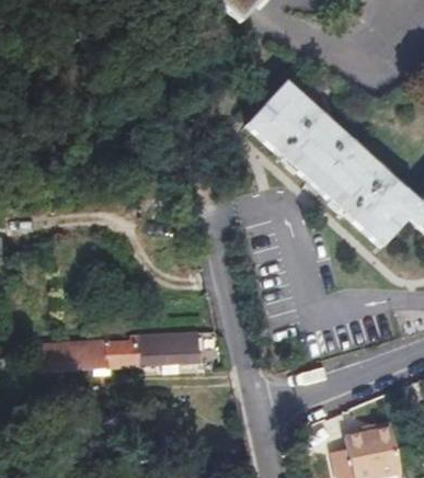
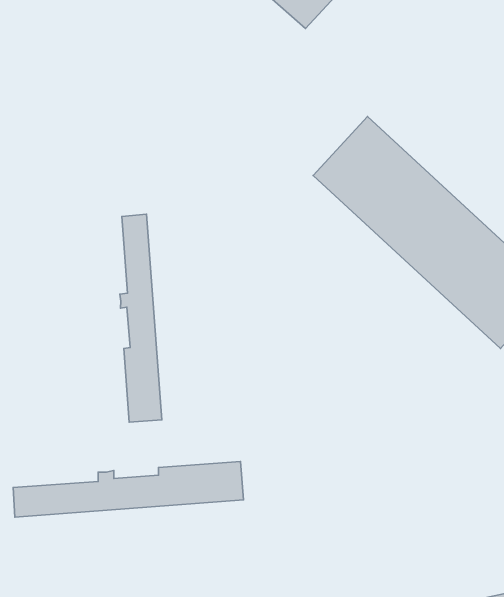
building: none -> [120,214,162,422]

